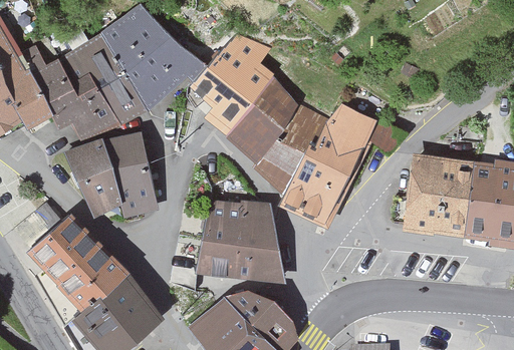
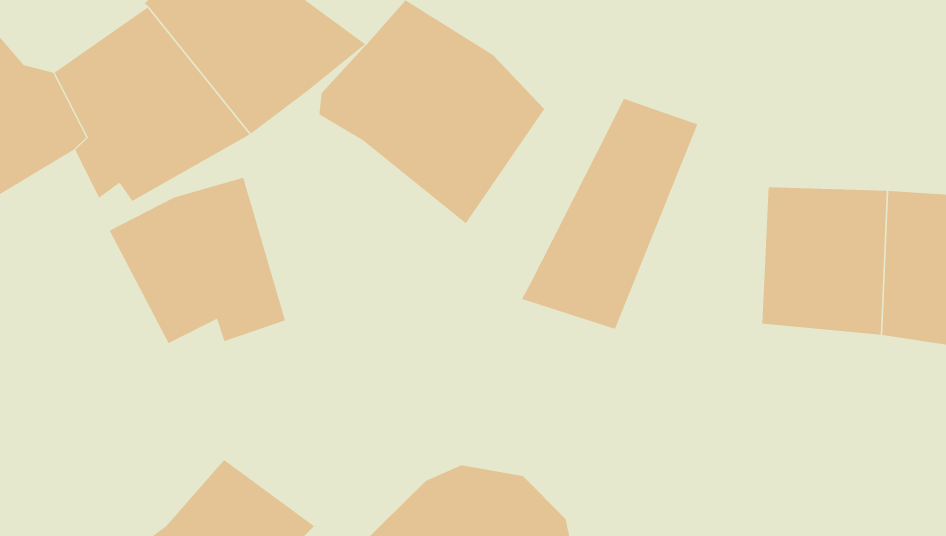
building: [254,106,330,197] -> none
building: [196,198,285,283] -> none
building: [28,217,121,311] -> none

